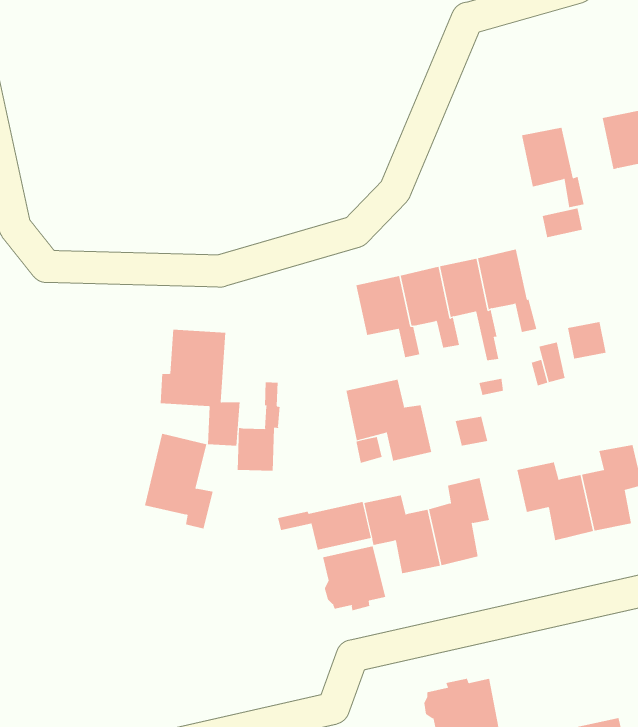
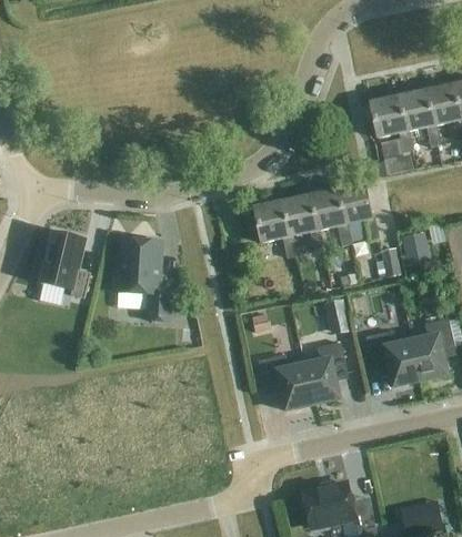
building: none -> [399,88,442,145]
building: [346,379,432,461] -> none
building: [237,381,280,471] -> none
building: [144,433,214,529] -> [42,229,91,296]
building: [277,501,371,551] -> none
building: [323,545,386,611] -> none

